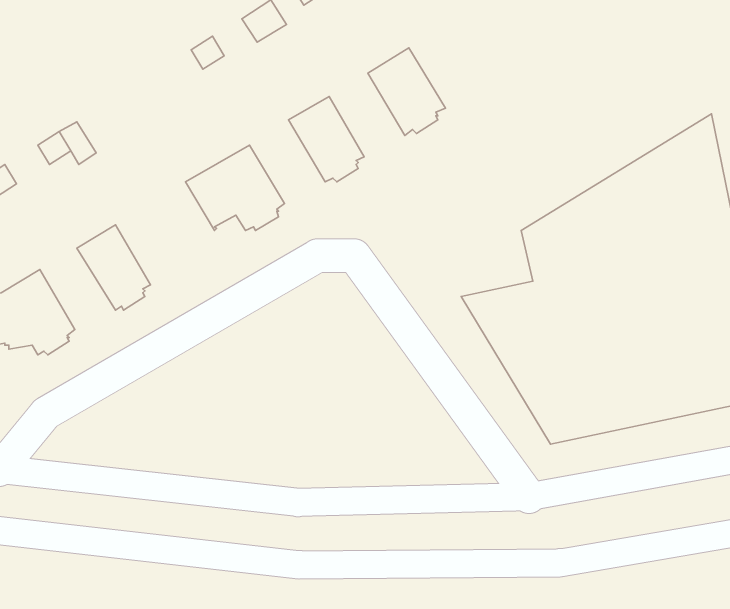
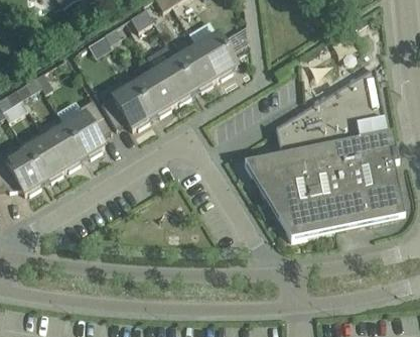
building: none -> [175,47,215,91]
building: none -> [134,72,173,116]
building: none -> [64,100,111,157]
building: none -> [25,138,64,181]

